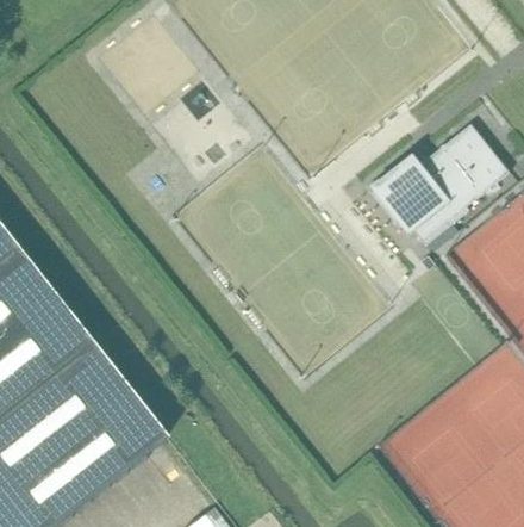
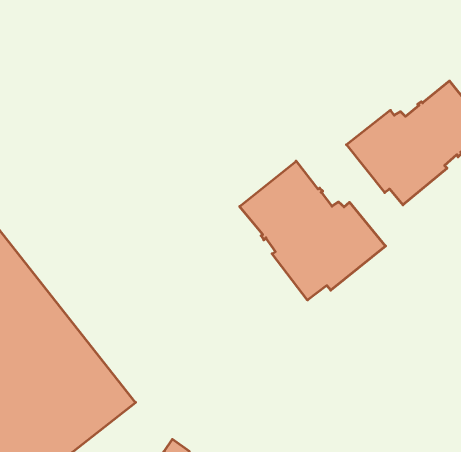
building: none -> [240,161,386,300]

